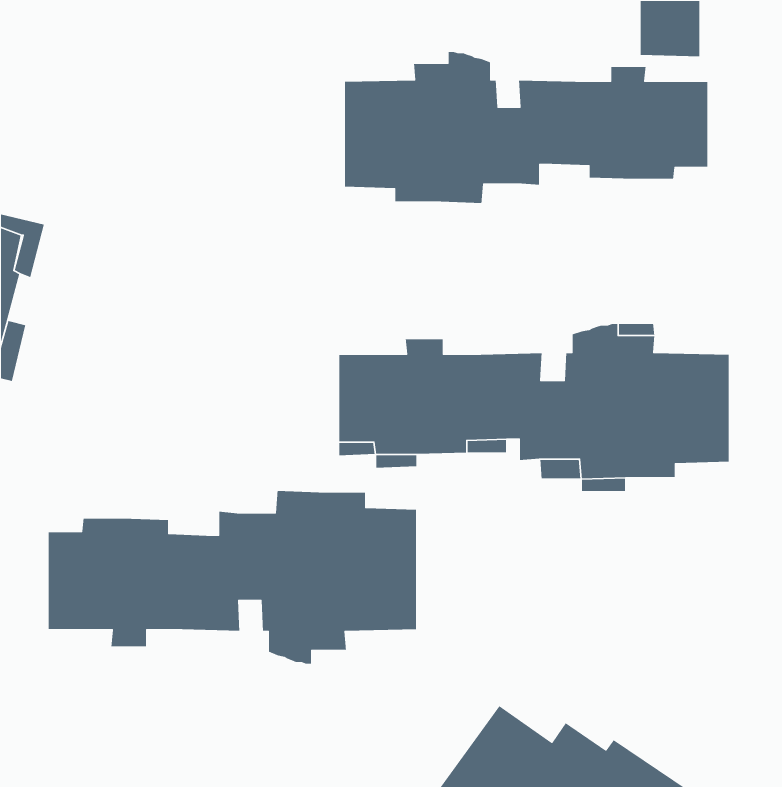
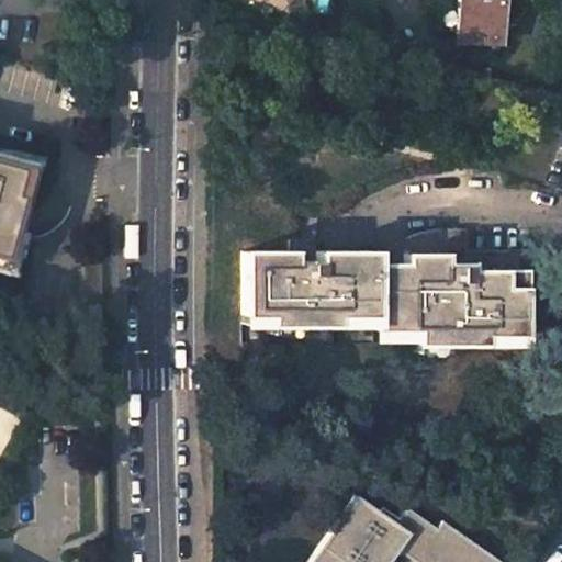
building: [344,51,708,204] -> none
building: [48,490,417,664] -> none

